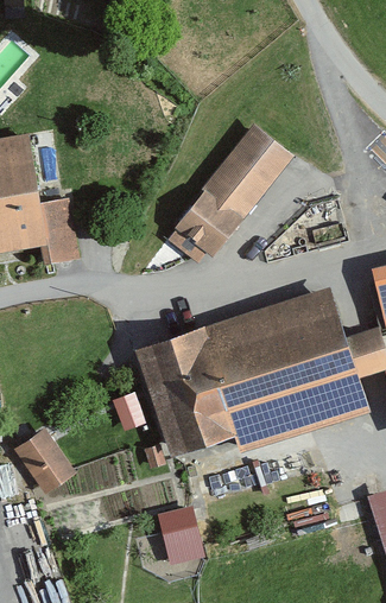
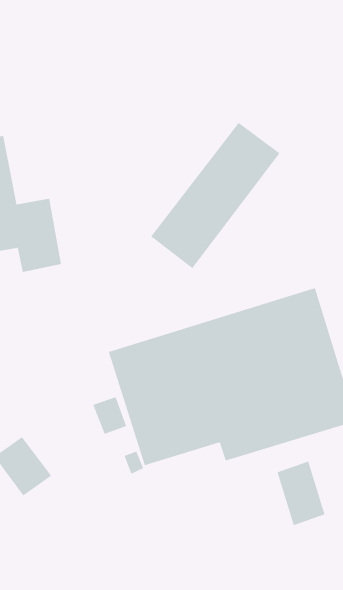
building: none -> [276,460,325,526]
building: [159,506,204,564] -> none

